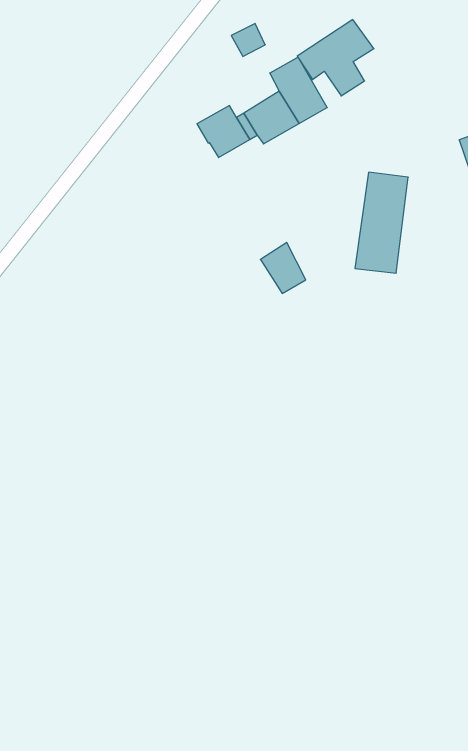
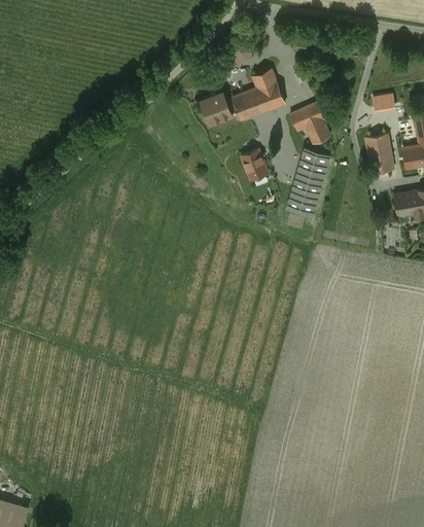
building: [297,20,374,96] -> [290,97,340,144]
building: [260,242,306,293] -> [241,148,268,180]

